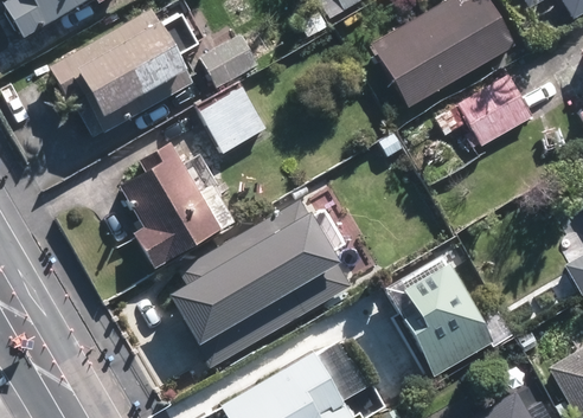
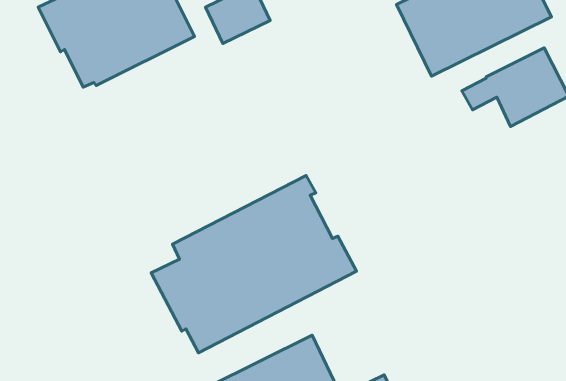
building: [200,83,271,156] -> none
building: [122,142,222,268] -> none
building: [392,250,496,367] -> none

